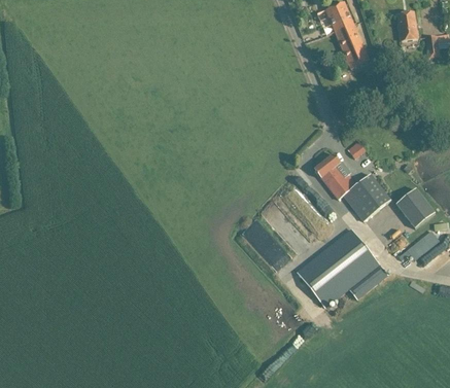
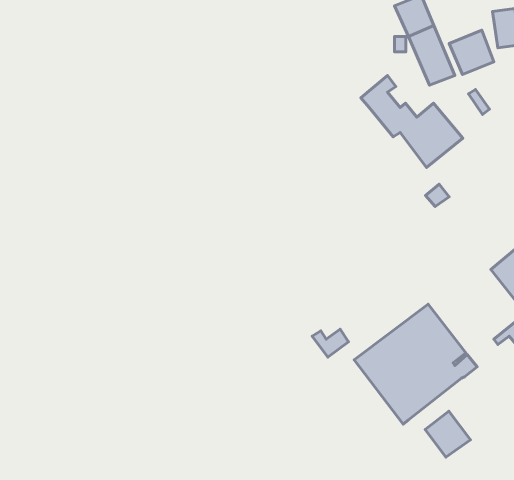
building: none -> [449,30,494,74]
building: [315,153,390,221] -> [361,75,463,167]
building: none -> [425,411,471,457]

